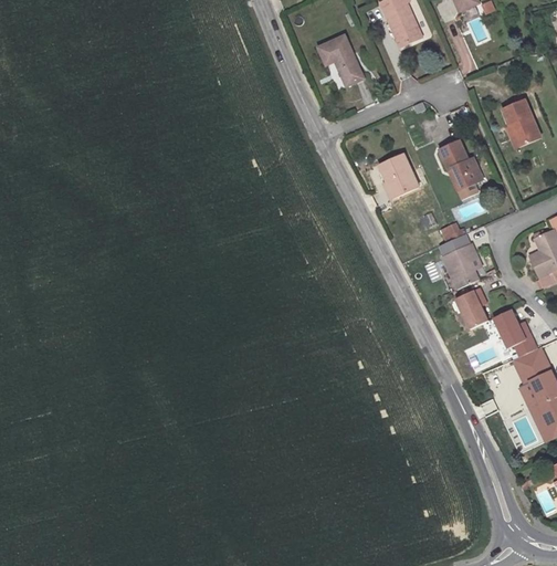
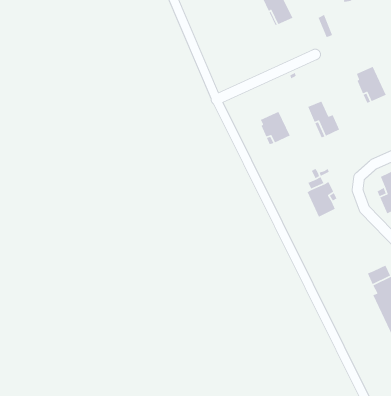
building: [315,34,360,85] -> none
building: [458,289,488,329] -> none
building: [496,312,539,358] -> none

